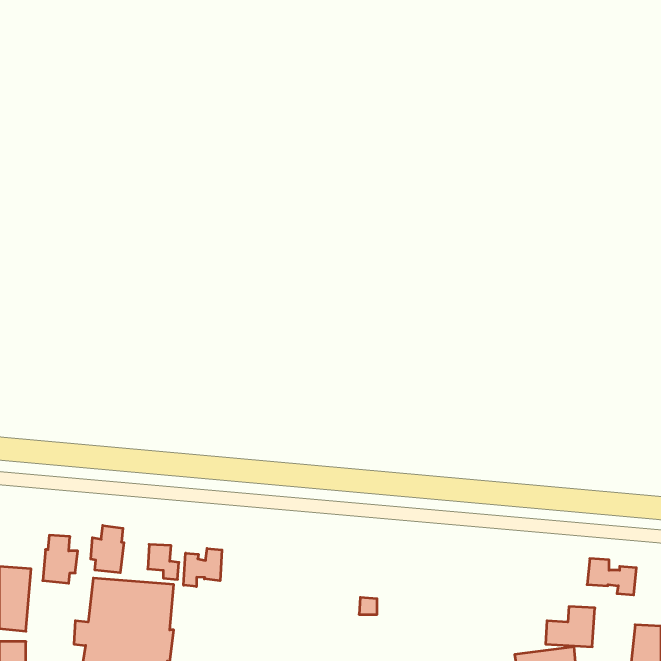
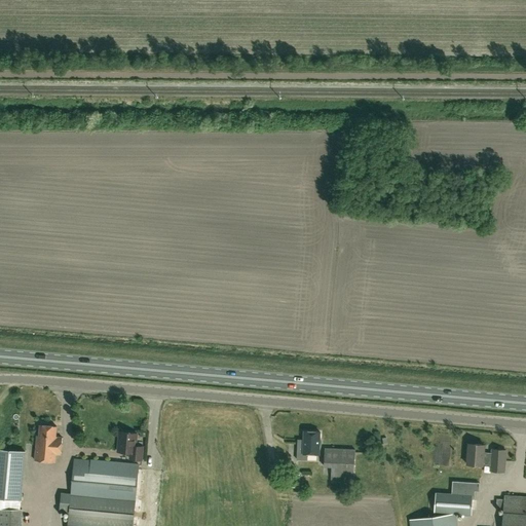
building: [91,525,124,573] -> none
building: none -> [296,433,318,460]
building: [184,548,222,587] -> none
building: none -> [323,449,354,484]

